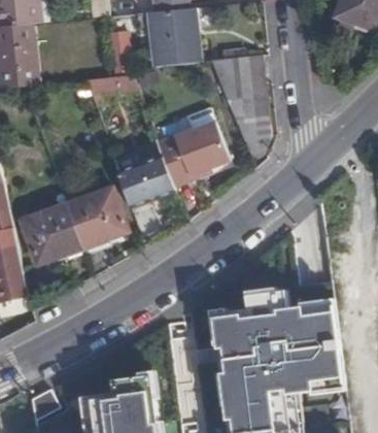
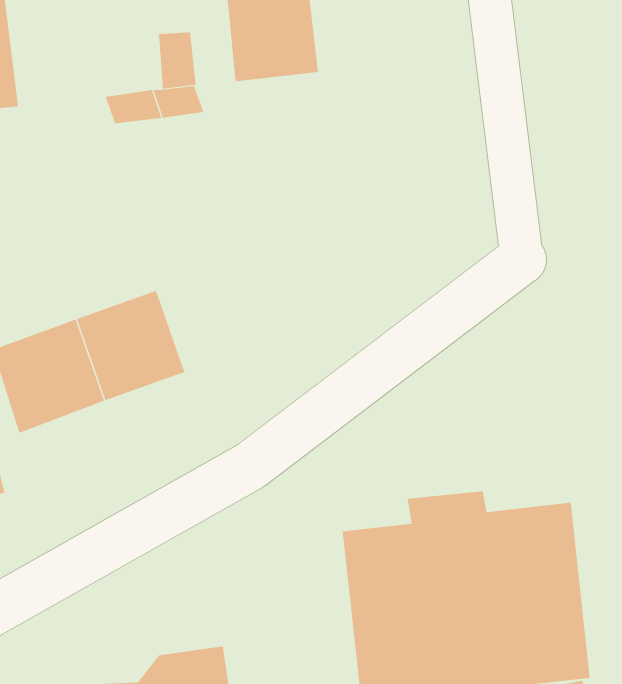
building: [214,60,272,160] -> none
building: [157,120,228,184] -> none
building: [115,156,165,199] -> none

